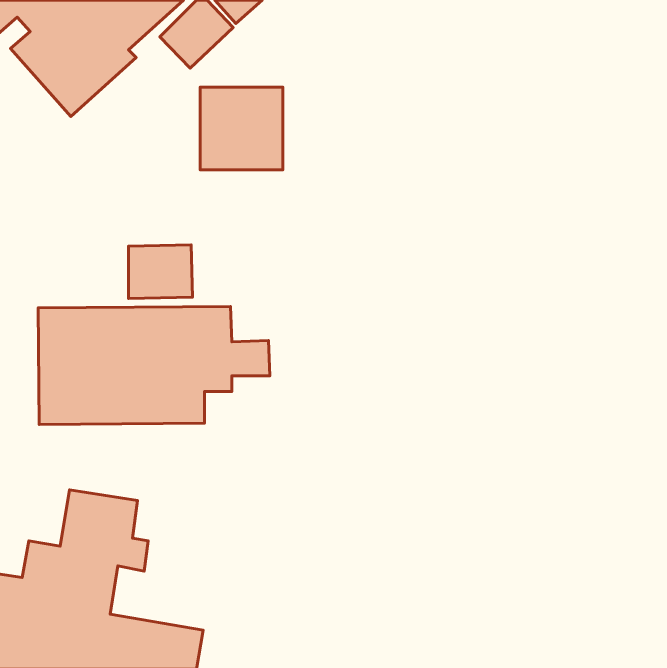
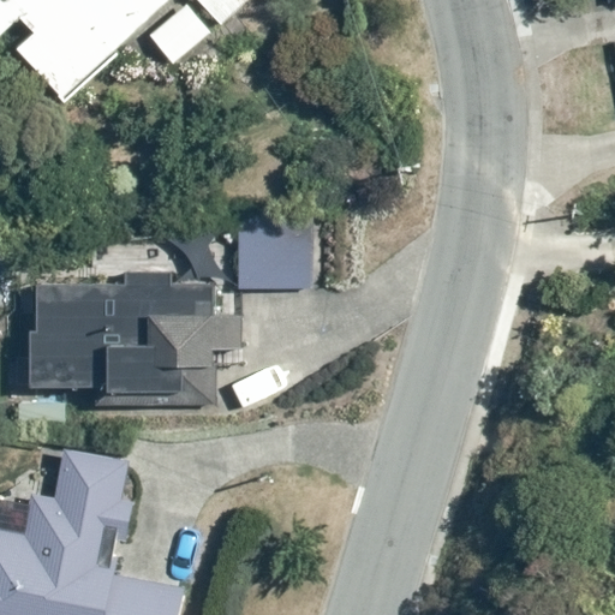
building: [200,87,283,170] -> [235,213,311,288]

